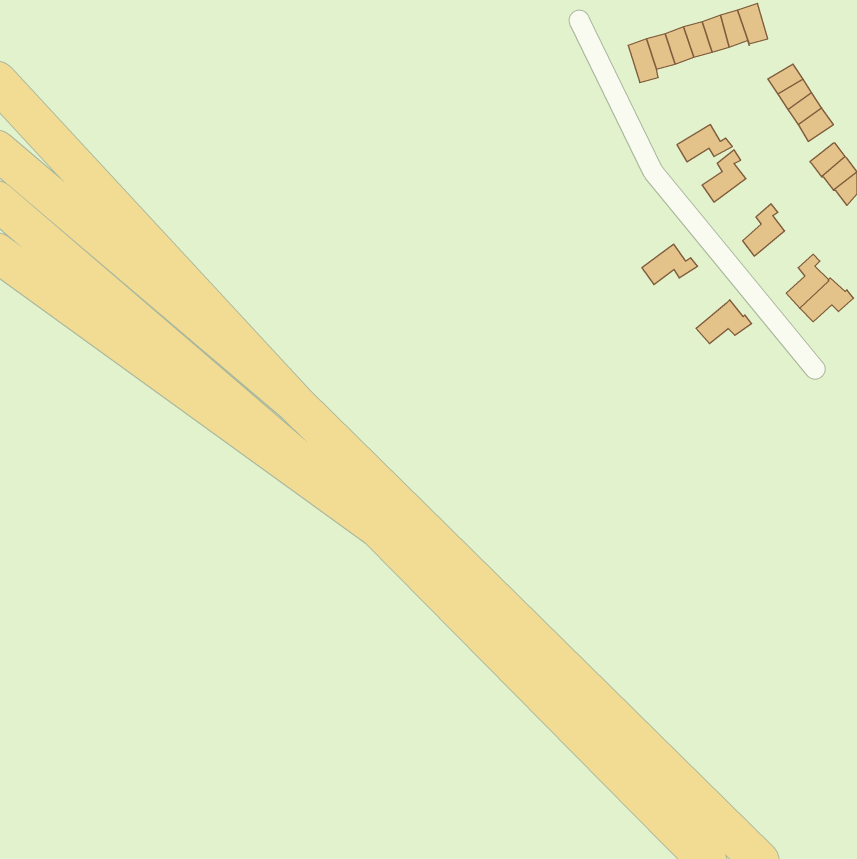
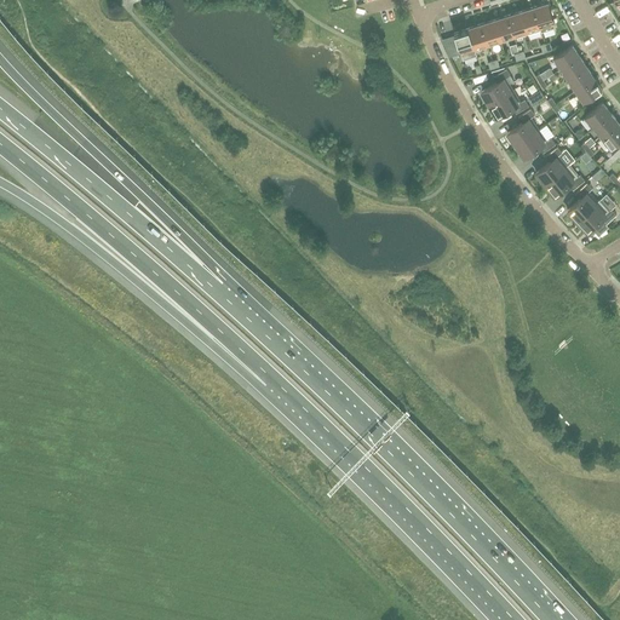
building: none -> [480,69,511,105]
building: [642,244,698,285] -> [513,130,553,159]
building: [696,300,752,344] -> [542,165,582,196]

